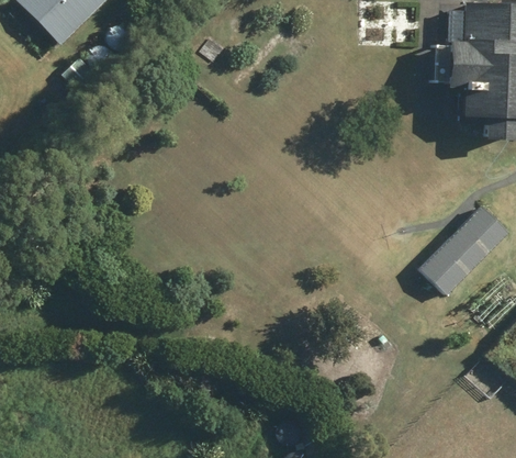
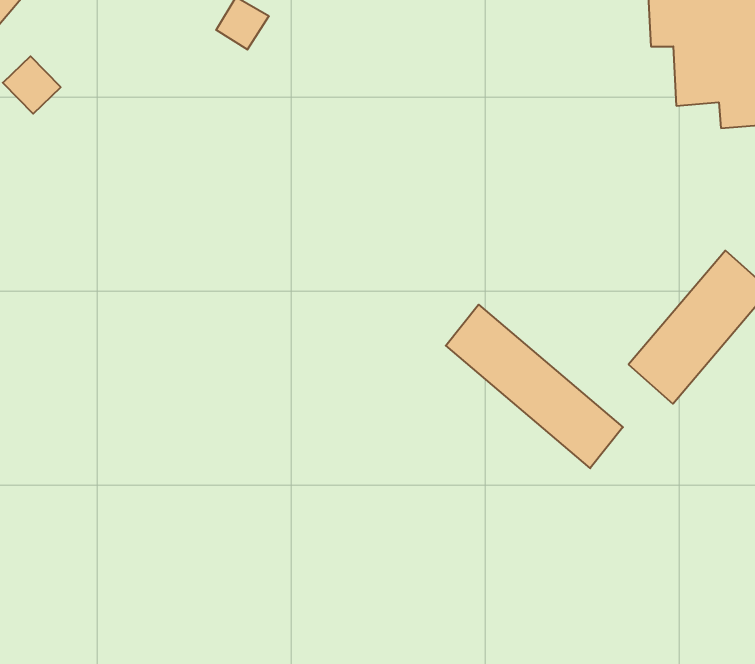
building: none -> [446,305,623,468]

